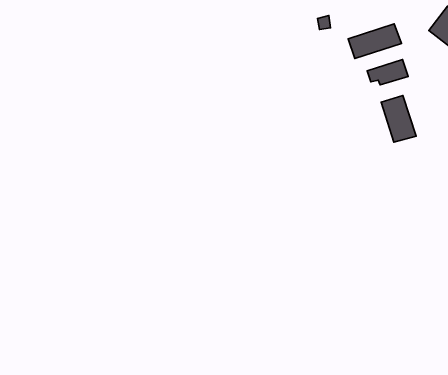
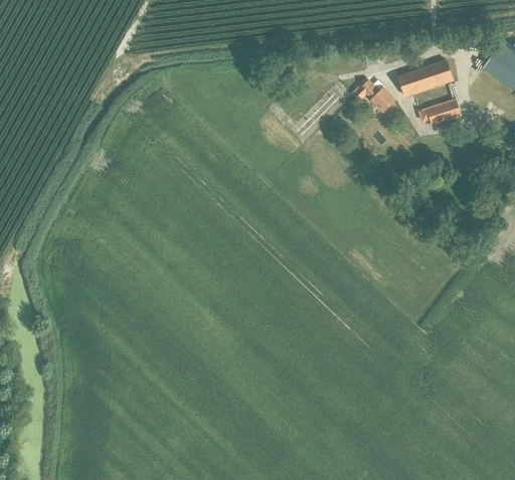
building: none -> [351,78,396,112]
building: [381,96,416,142] -> none

